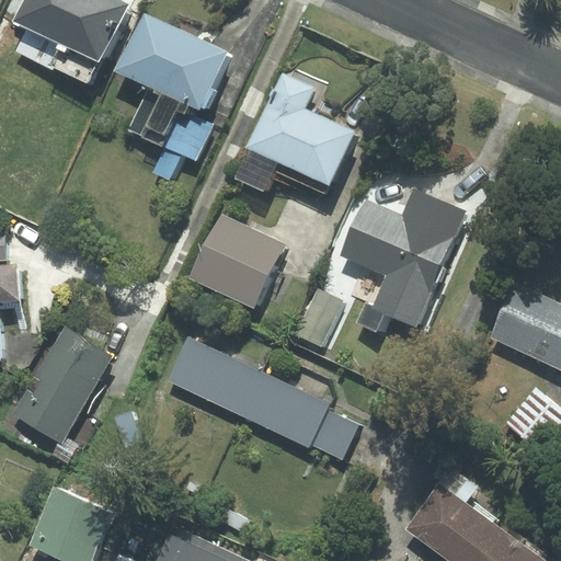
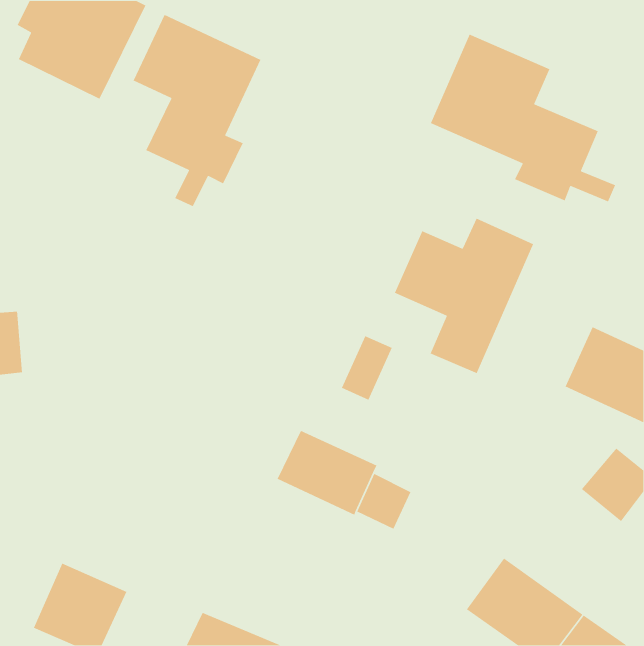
building: none -> [430,33,616,202]
building: [233,69,354,194] -> none
building: [190,214,283,308] -> none
building: [13,328,112,442] -> none
building: [171,339,261,415] -> none

